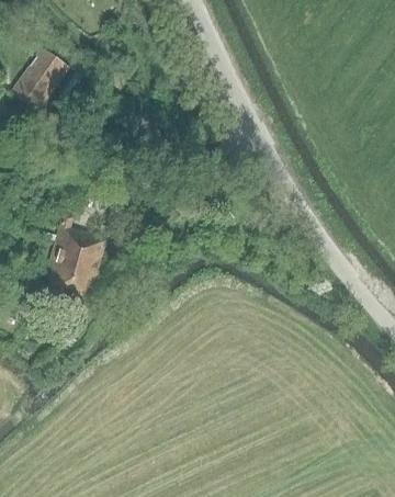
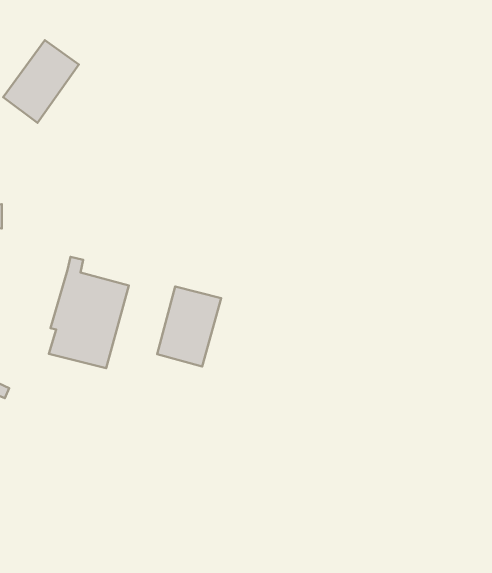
building: none -> [157,287,221,366]

